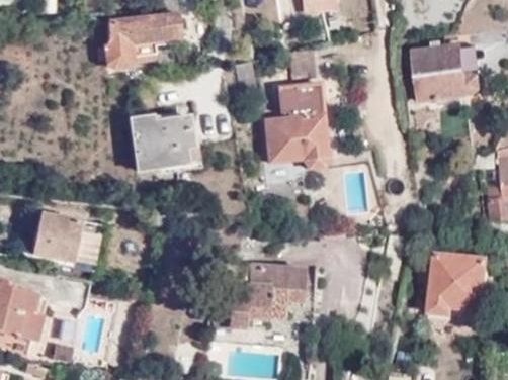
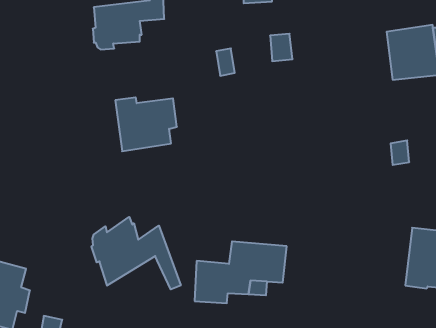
building: [264,84,329,170] -> none
building: [32,210,82,264] -> none
building: none -> [91,217,181,289]

